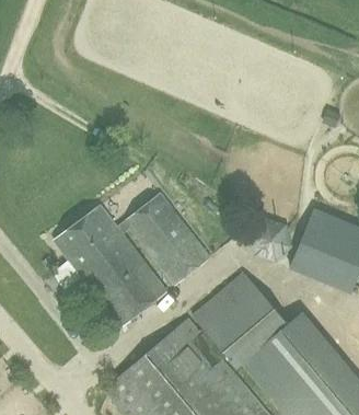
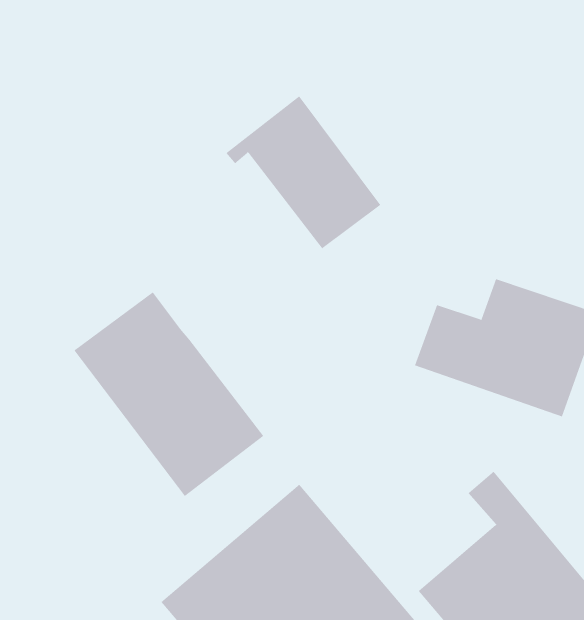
building: [118,194,210,285] -> [225,96,381,249]
building: [194,274,304,383] -> none

